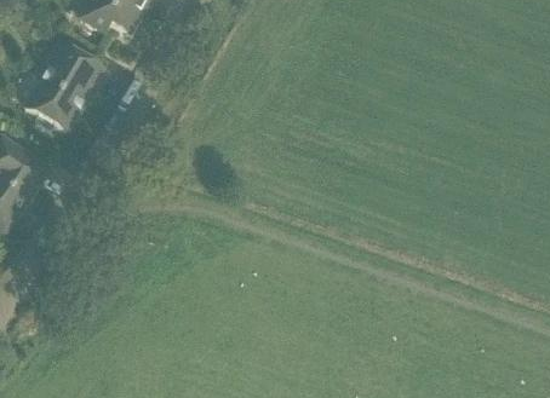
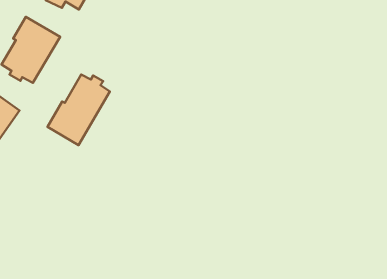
building: none -> [47,74,110,145]

